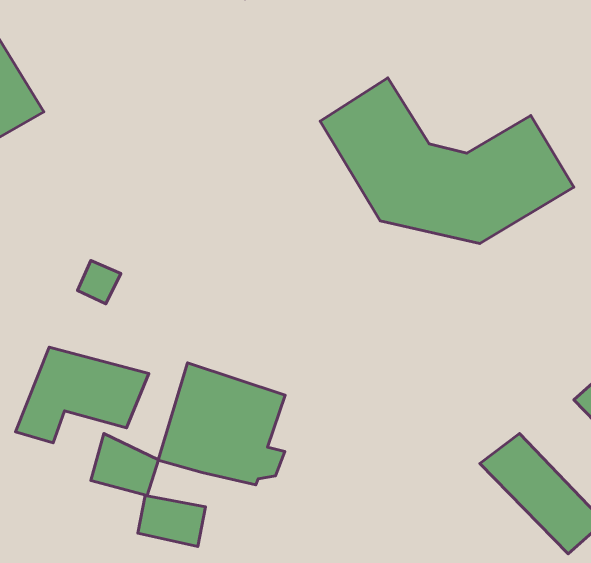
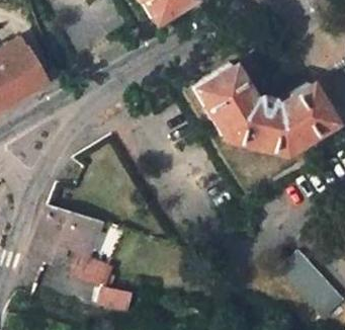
building: [158,363,285,485] -> none

